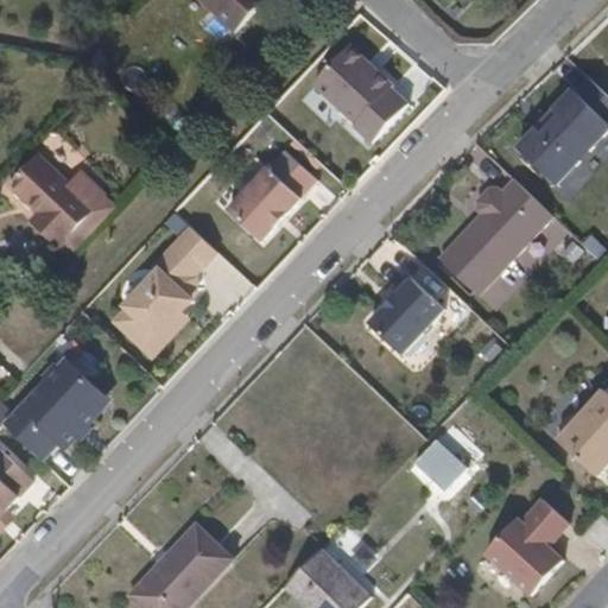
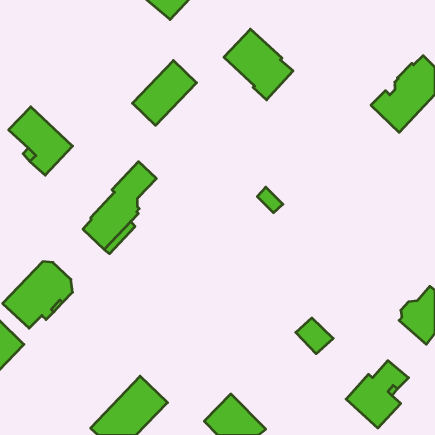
building: [228,150,317,240] -> [132,60,197,125]
building: [437,179,550,293] -> none
building: [370,271,446,352] -> none

